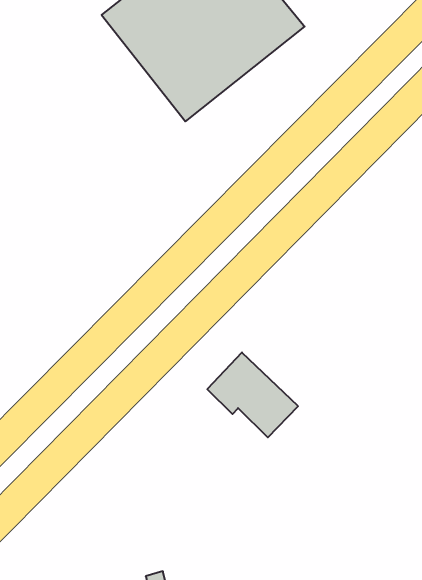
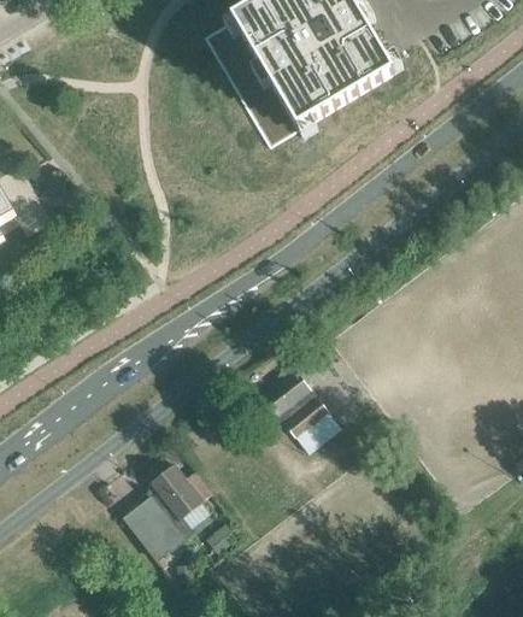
building: none -> [122,462,208,557]

